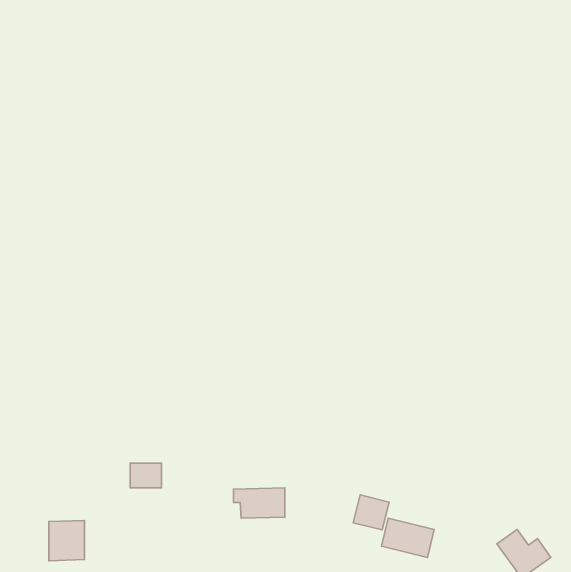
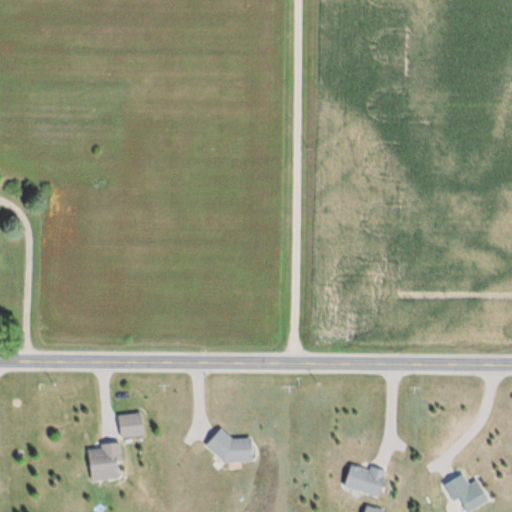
building: [353,495,389,530] -> none
building: [49,520,85,561] -> [89,445,121,481]

